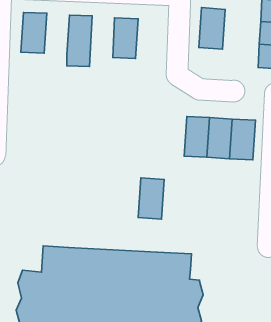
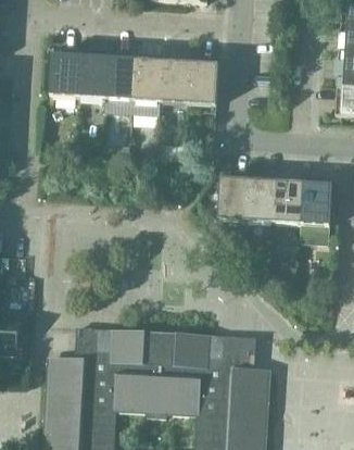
building: [199,8,225,49] -> [188,58,219,108]
building: none -> [78,51,109,101]
building: none -> [132,54,163,117]
building: [138,178,164,219] -> [218,173,250,223]

